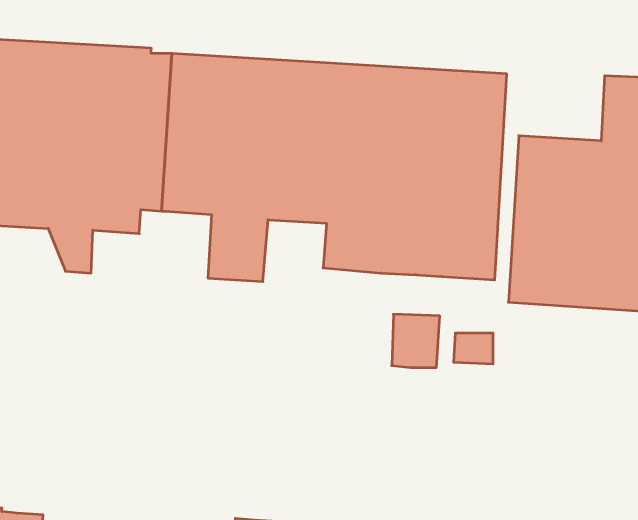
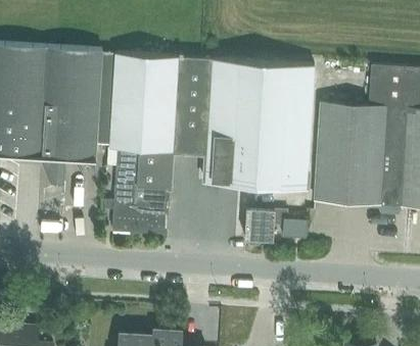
building: none -> [103,148,168,235]

